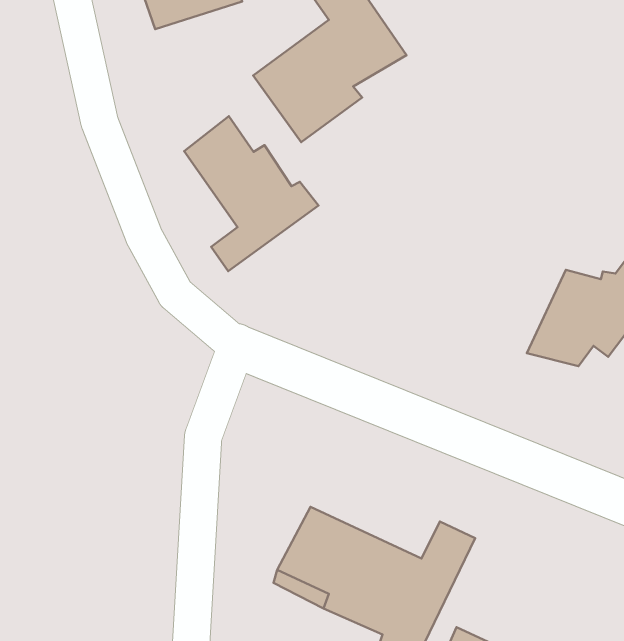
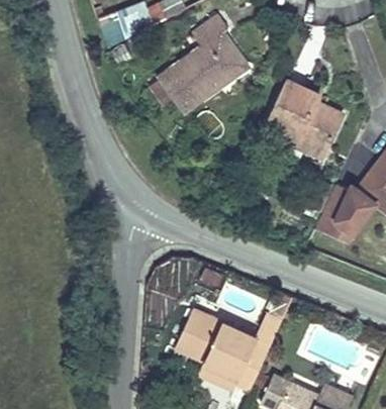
building: none -> [268,77,345,148]
building: [184,116,318,271] -> none

